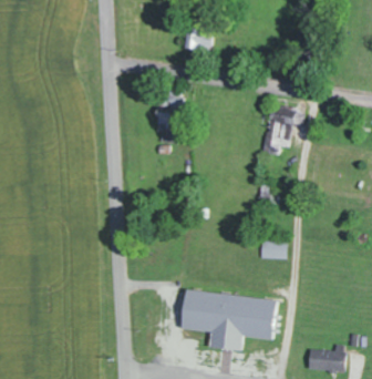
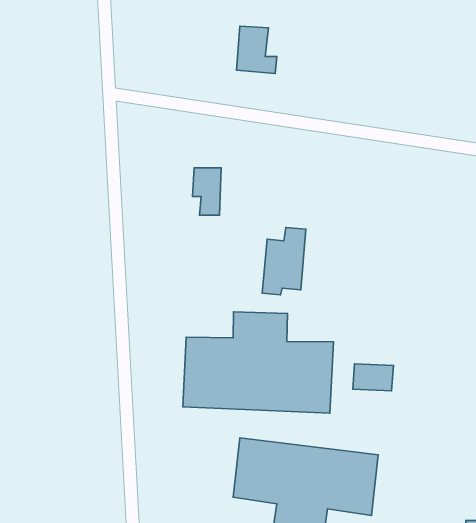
building: [265,106,293,151] -> [262,227,306,295]
building: none -> [183,312,334,413]

